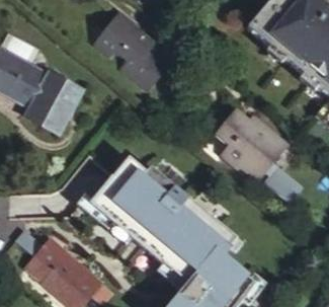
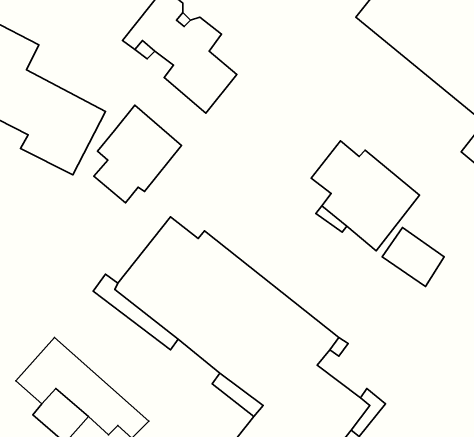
building: none -> [94,105,182,203]

